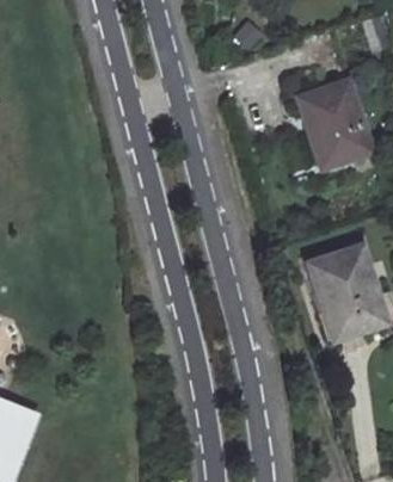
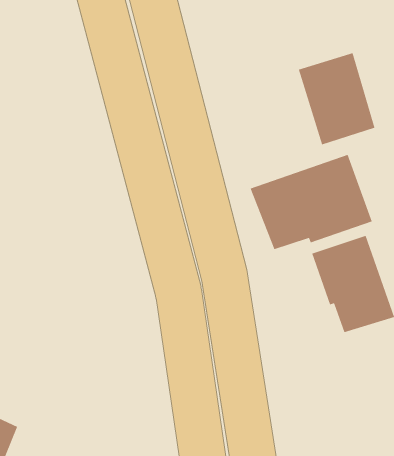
building: none -> [250,154,373,250]

